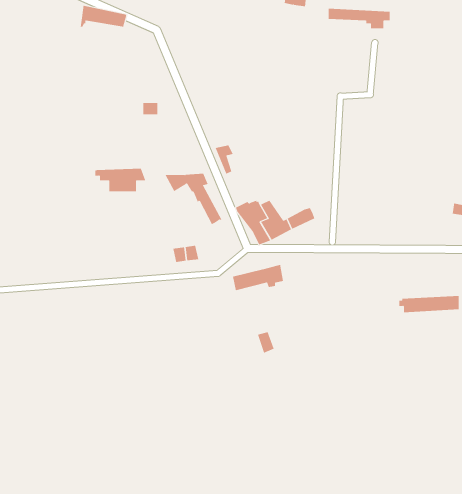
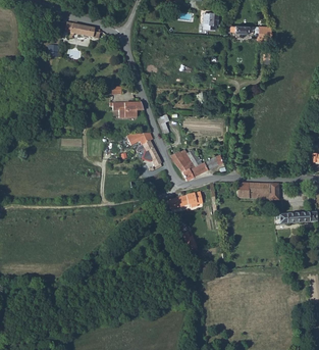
building: [94,168,146,192] -> [109,102,143,117]
building: none -> [236,183,278,203]

